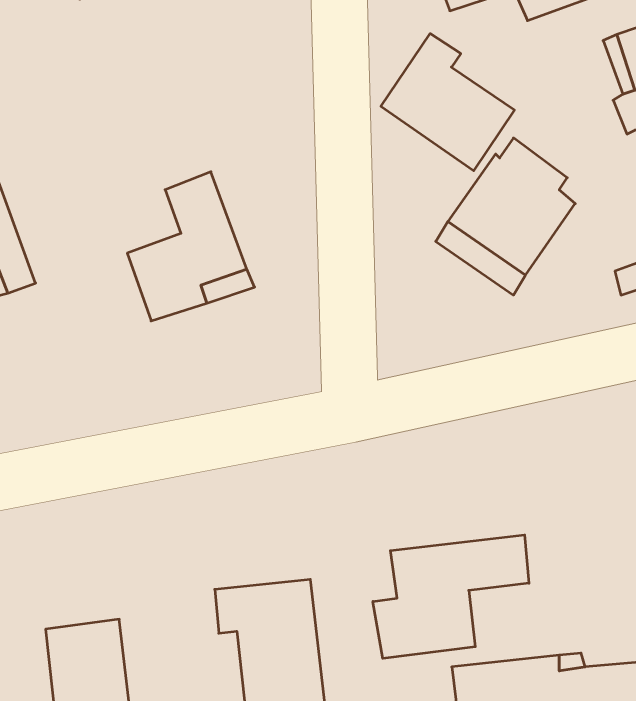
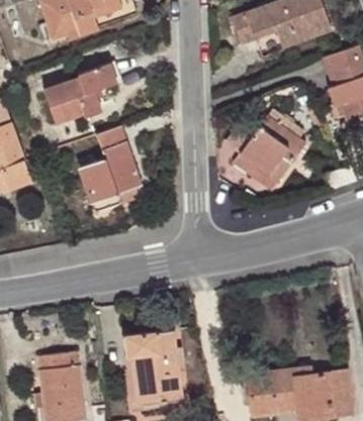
building: [381,34,514,171] -> none
building: none -> [44,62,118,122]
building: [373,535,529,658] -> none

